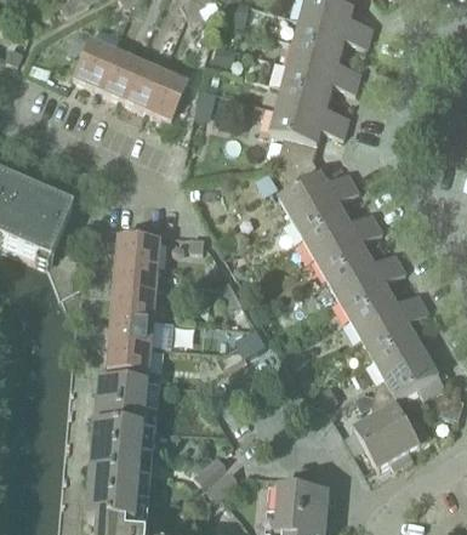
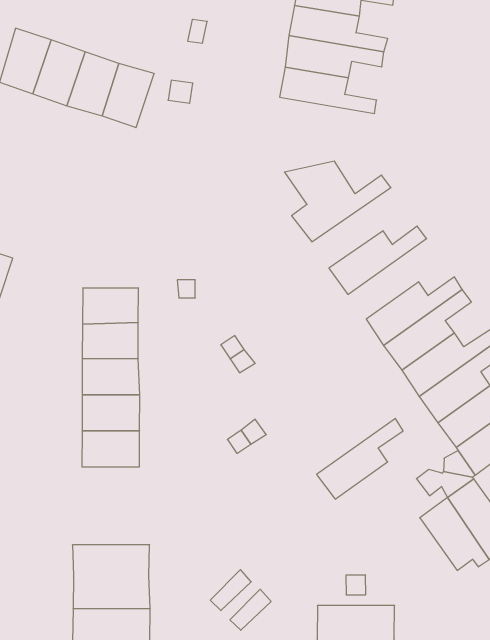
building: [270,104,347,160] -> none
building: [292,178,359,234] -> none
building: [315,218,382,274] -> [317,418,403,499]
building: [96,375,156,427] -> none

